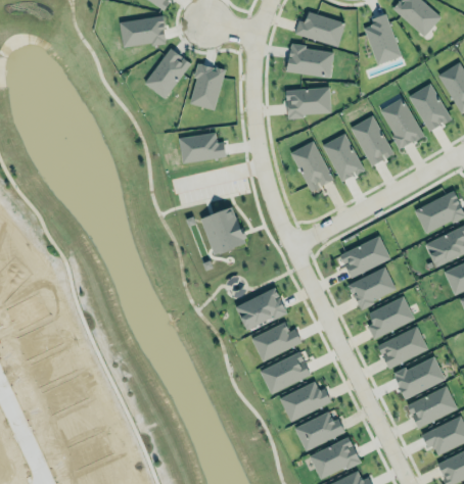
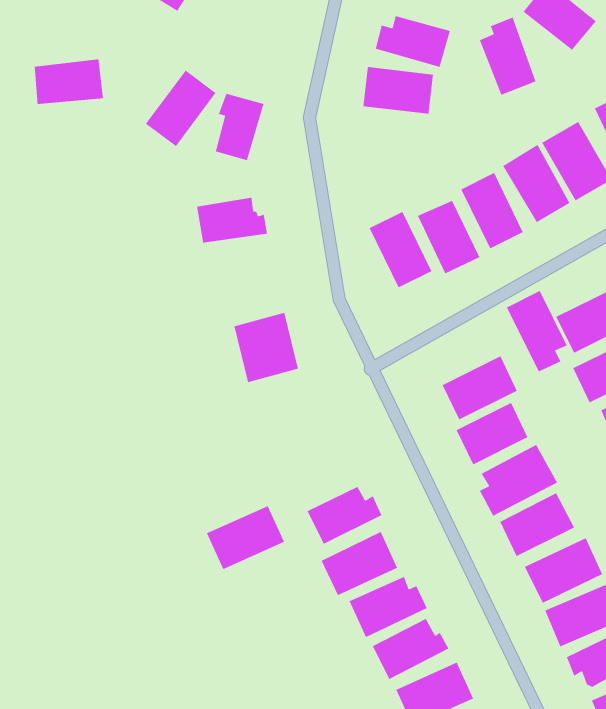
building: [121,16,167,47] -> [34,58,104,105]
building: [286,88,331,116] -> none
building: none -> [506,290,568,372]
building: [235,288,287,331] -> [206,505,285,570]

